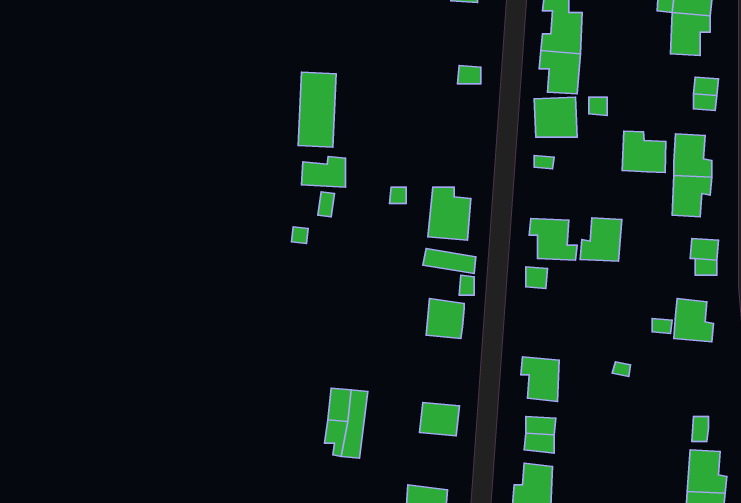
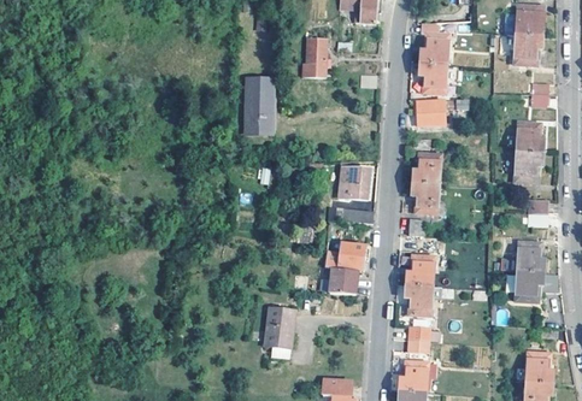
building: none -> [301,37,325,77]
building: [622,131,666,172] -> none
building: [302,157,346,187] -> none
building: [580,218,622,261] -> [412,154,442,185]
building: none -> [406,255,435,287]
building: none -> [513,271,557,302]
building: [420,403,459,436] -> [329,271,358,295]

